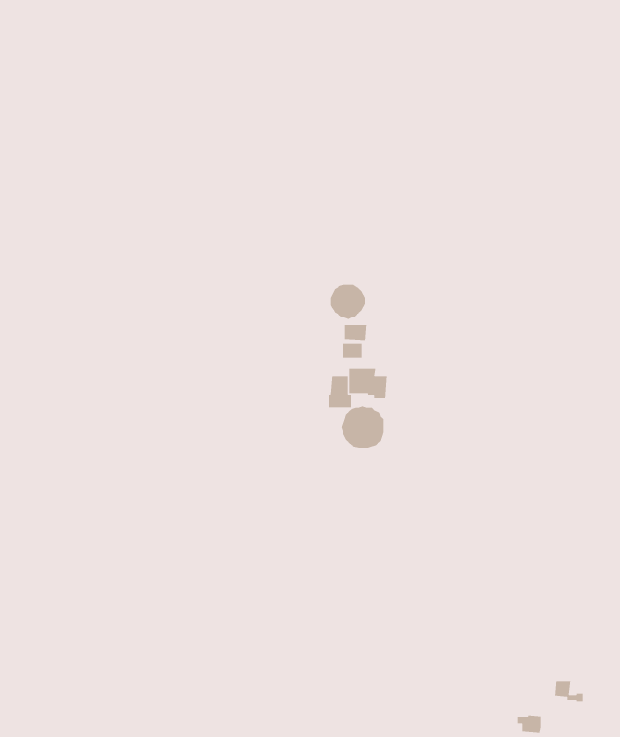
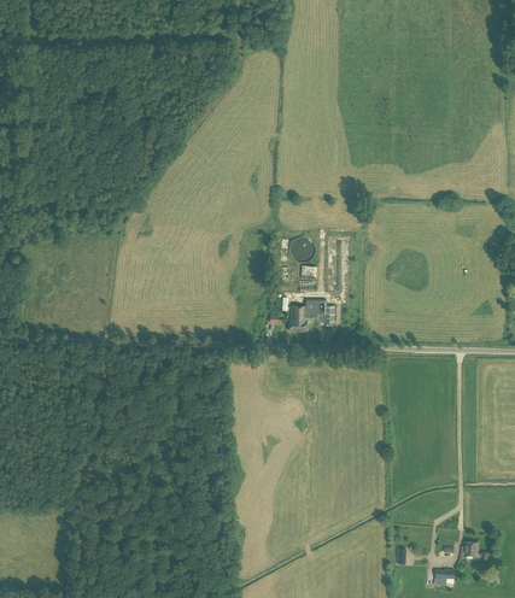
building: [341,405,384,449] -> none

